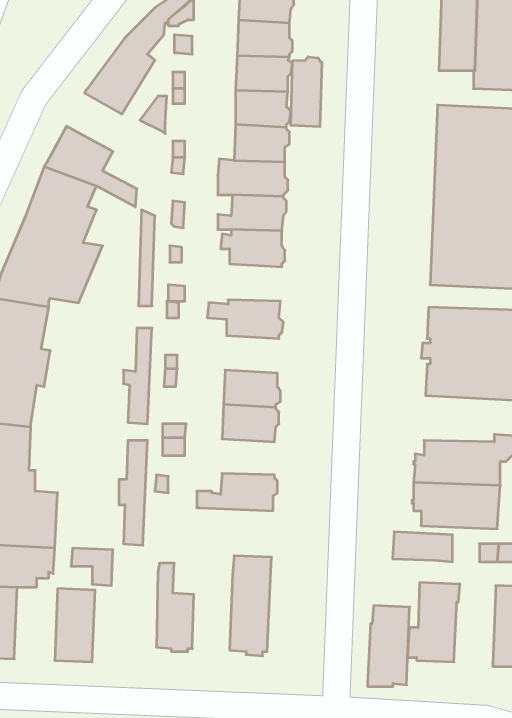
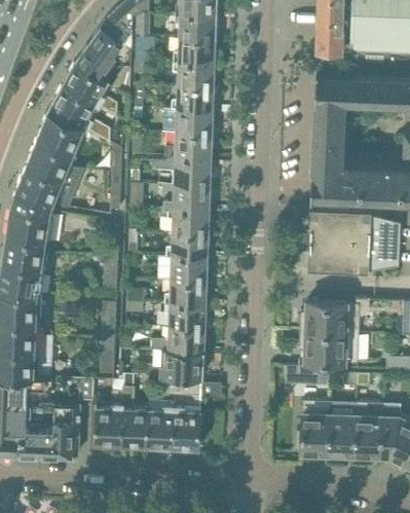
building: [291,57,322,127] -> none
building: none -> [62,65,115,117]
building: none -> [162,182,212,210]
building: none -> [171,231,210,257]
building: none -> [169,302,207,327]
building: none -> [145,350,207,378]
building: none -> [96,393,124,447]
building: none -> [148,396,176,449]
building: none -> [26,404,55,454]
building: [368,606,410,686] -> [328,402,357,457]

